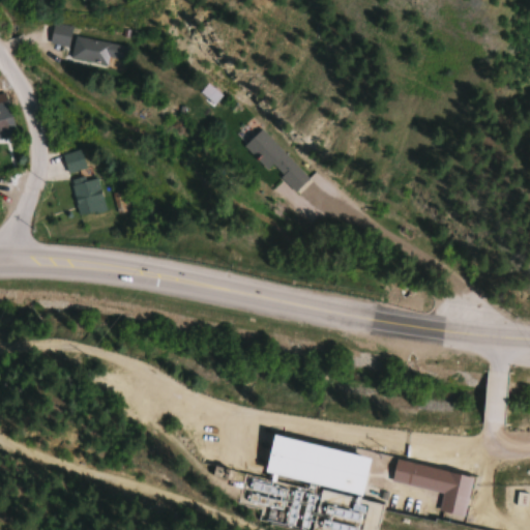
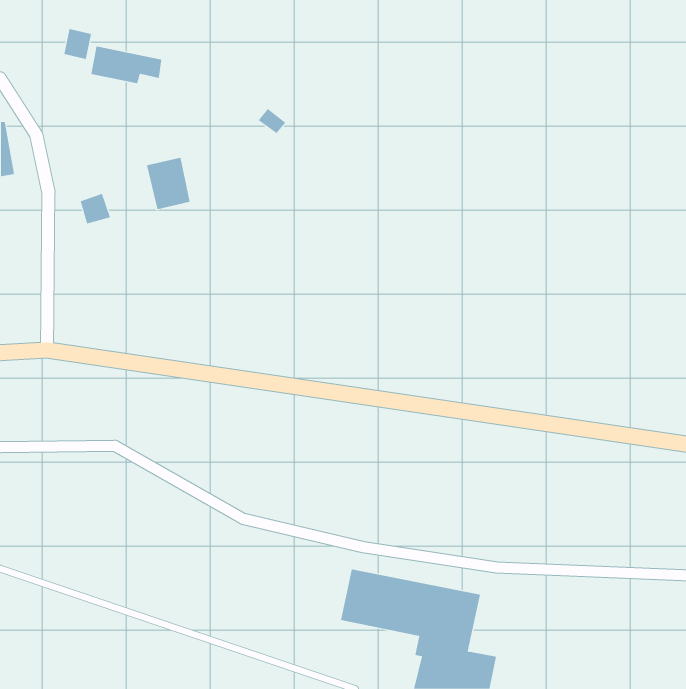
building: [245,127,310,190] -> none
building: [72,175,107,215] -> [146,157,191,210]
building: [392,460,473,516] -> none

